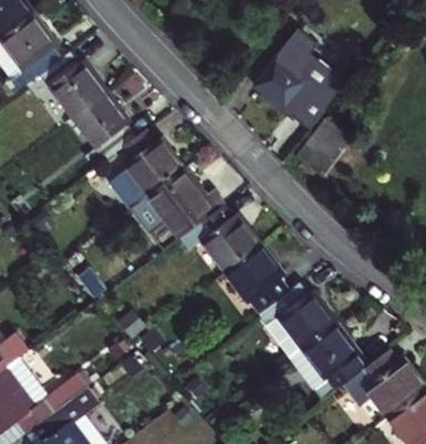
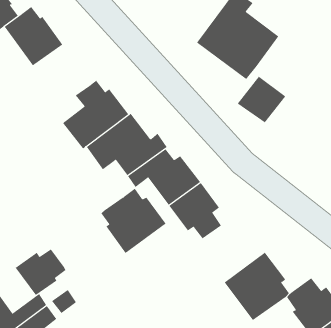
building: [73,90,135,167] -> none
building: [259,283,332,357] -> [101,188,167,254]
building: none -> [15,248,66,296]

